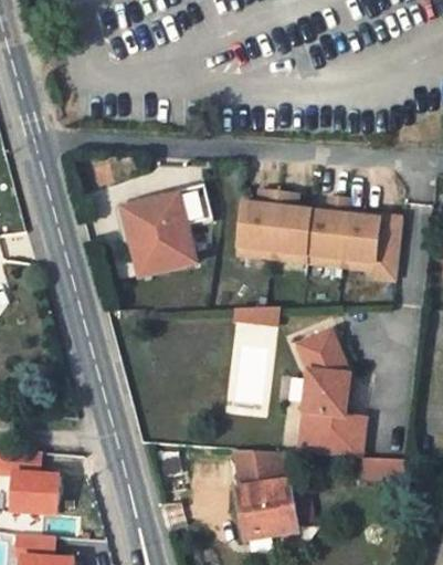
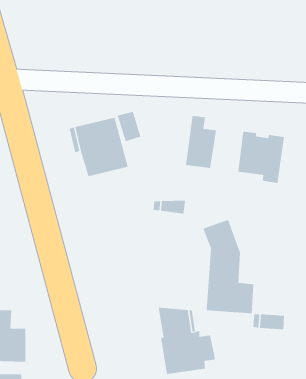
building: [236,188,279,257] -> none
building: [305,196,349,265] -> none

